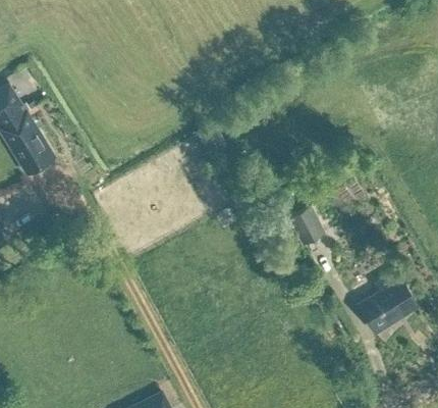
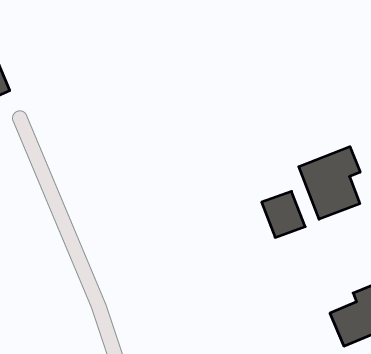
building: none -> [299,147,360,219]

